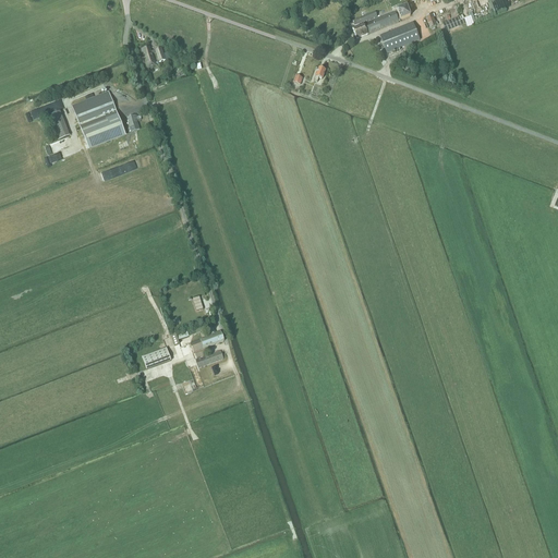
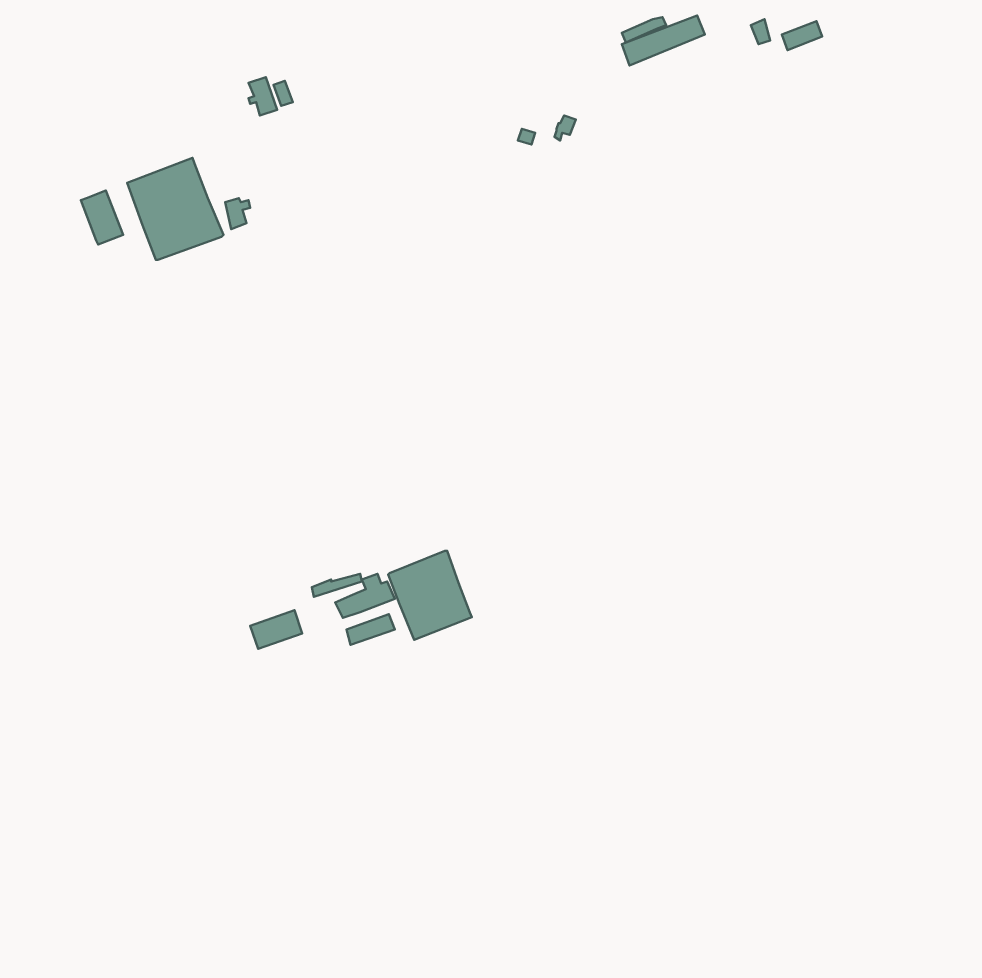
building: [380,20,421,51] -> none
building: none -> [388,551,472,640]

